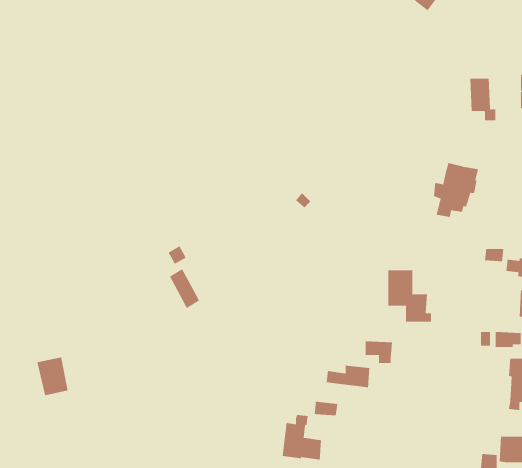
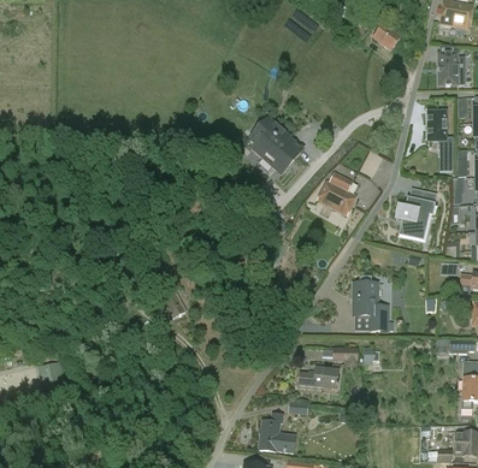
building: none -> [438,52,465,84]
building: none -> [250,117,302,172]
building: none -> [318,170,358,214]

